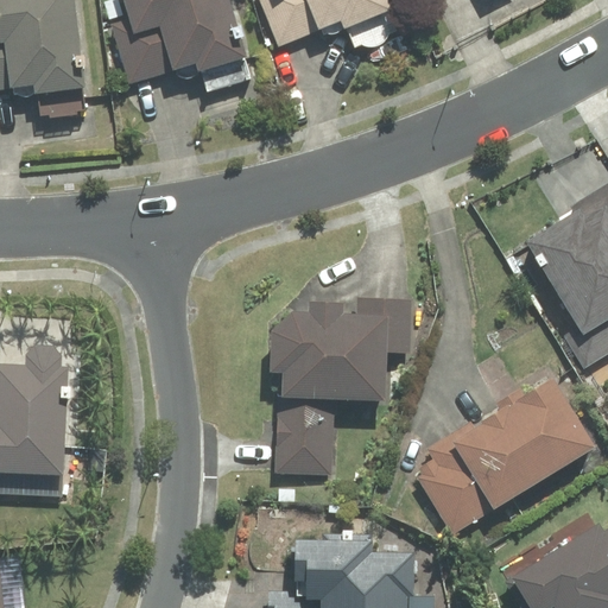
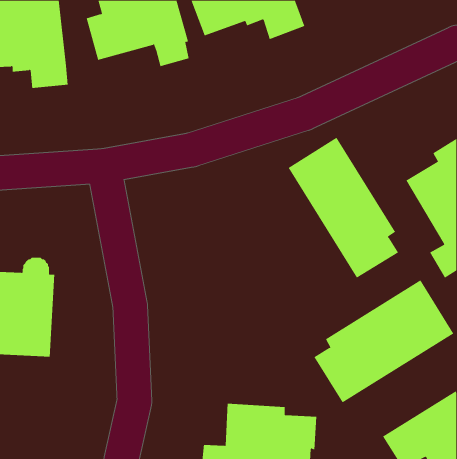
building: none -> [288,137,399,279]
building: [272,293,412,475] -> none

